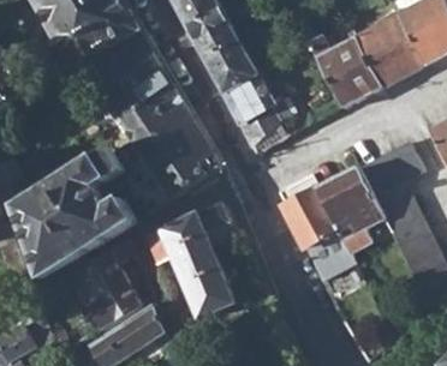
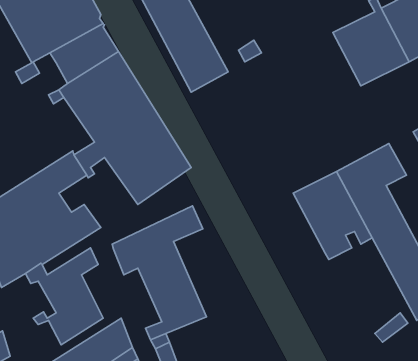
building: [310,28,381,106] -> none
building: [221,72,288,152] -> none
building: [281,186,347,262] -> none

